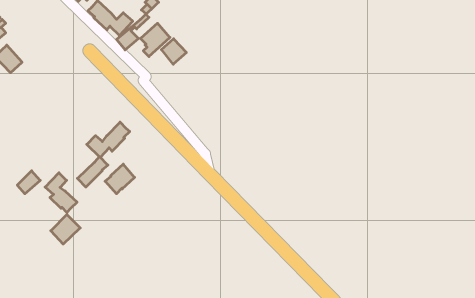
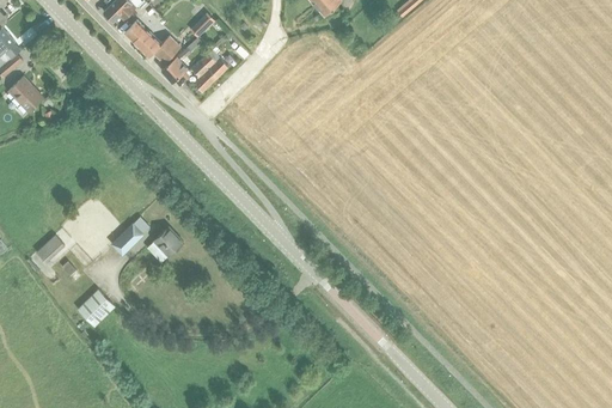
building: [161,39,186,64] -> none
building: [87,122,130,157] -> none
building: [45,173,77,213] -> none

